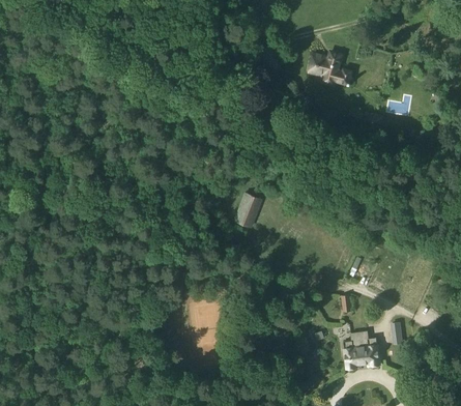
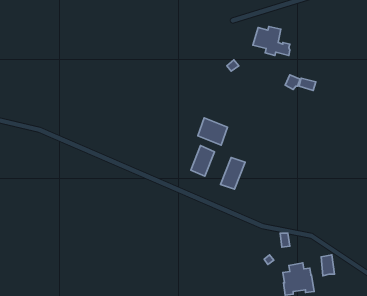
building: none -> [198,118,228,145]
building: none -> [221,158,245,189]

